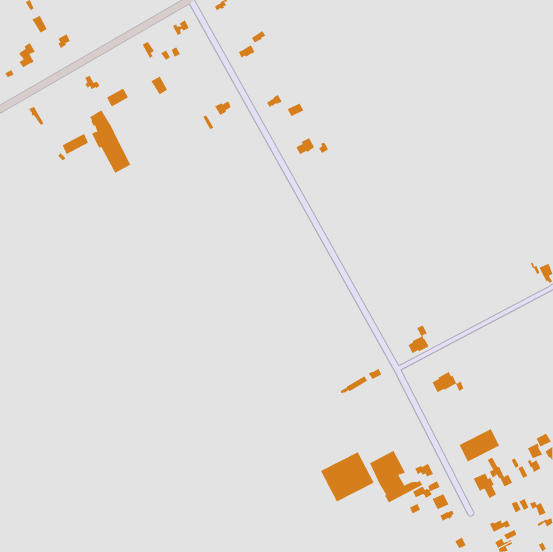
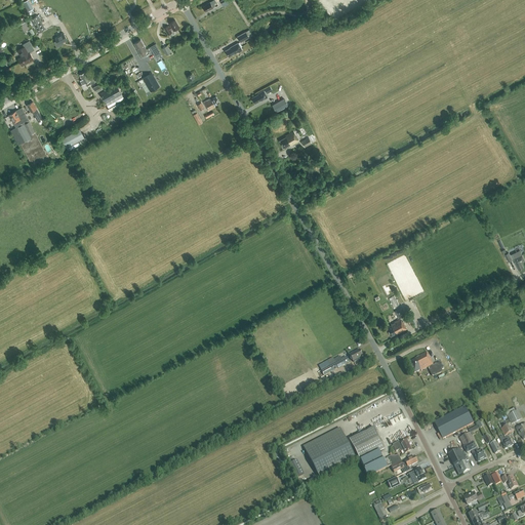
building: [89,110,131,173] -> [9,107,49,167]

